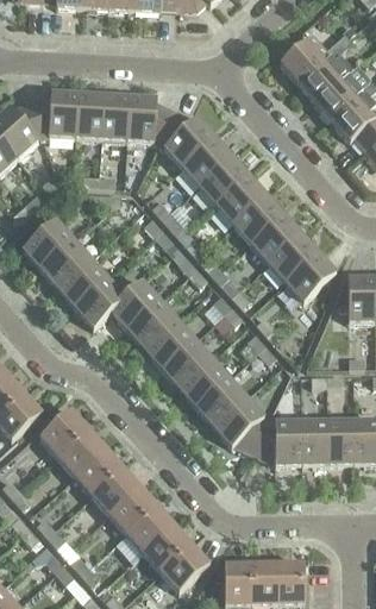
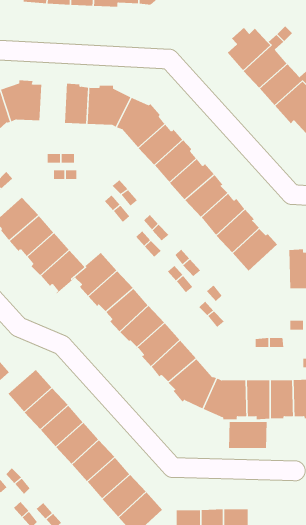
building: [74,93,102,138] -> none
building: none -> [228,421,267,449]

